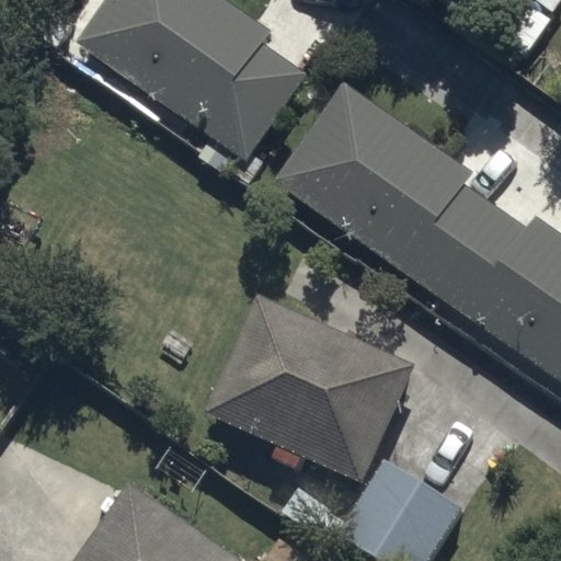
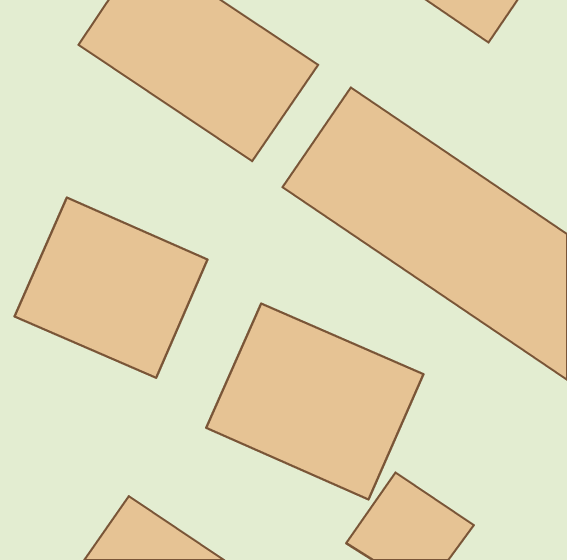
building: none -> [15,198,207,378]

